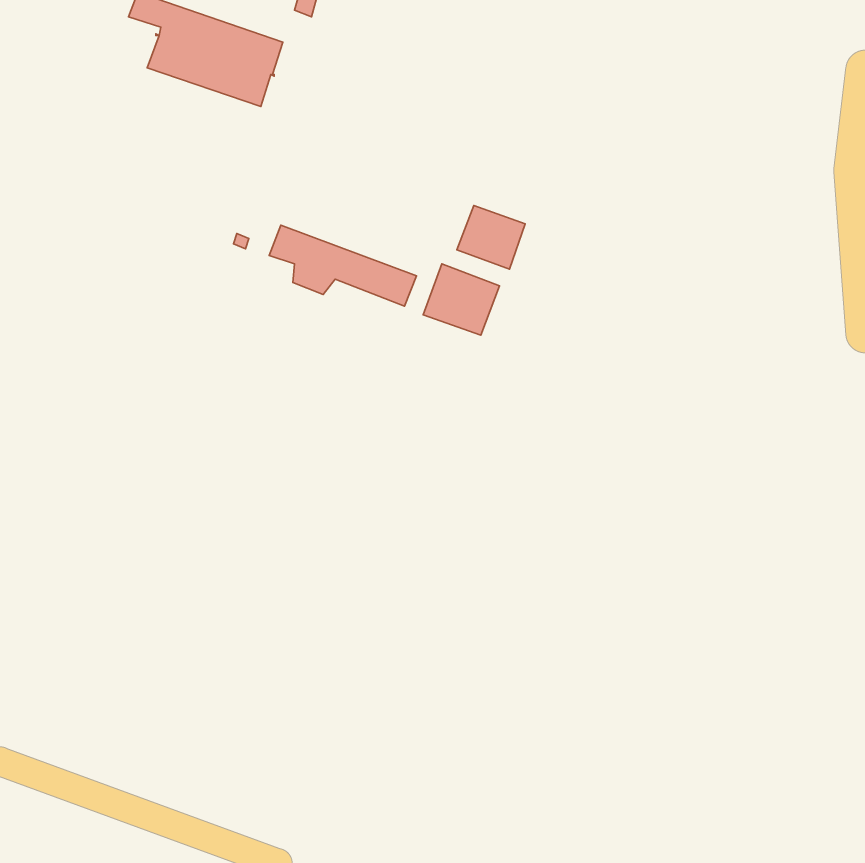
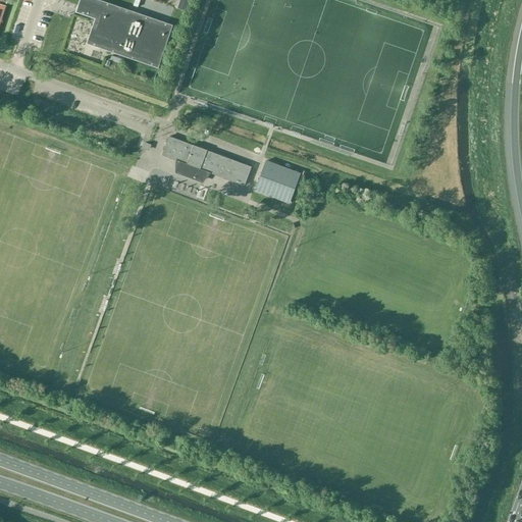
building: [457,206,525,269] -> none

